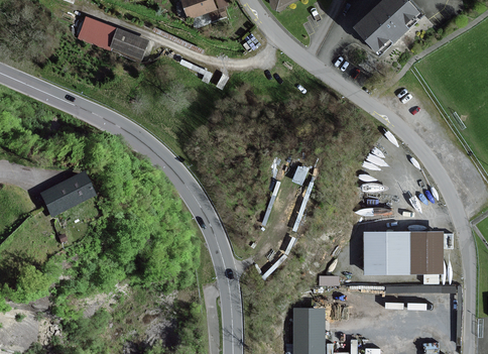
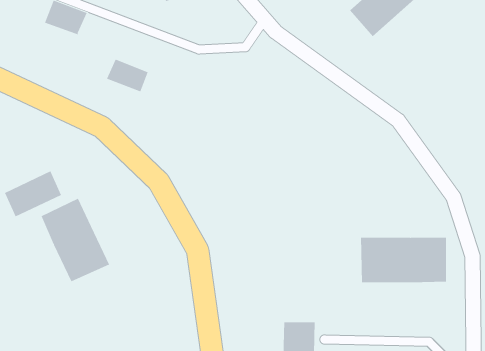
building: [109,29,147,60] -> [106,59,148,92]
building: none -> [41,198,110,282]

